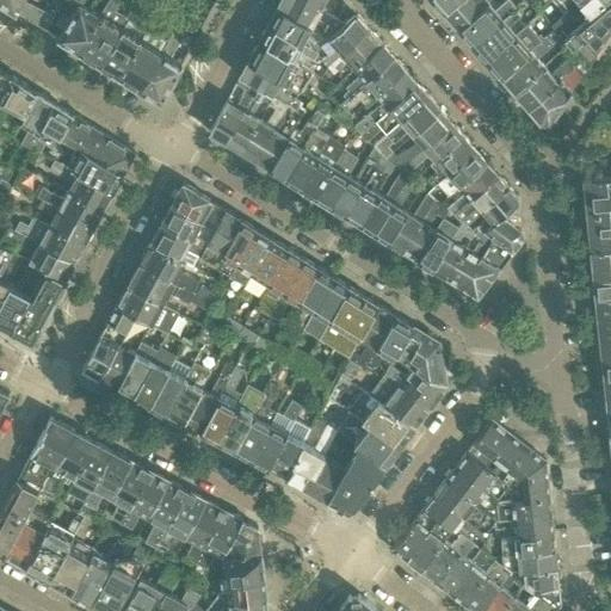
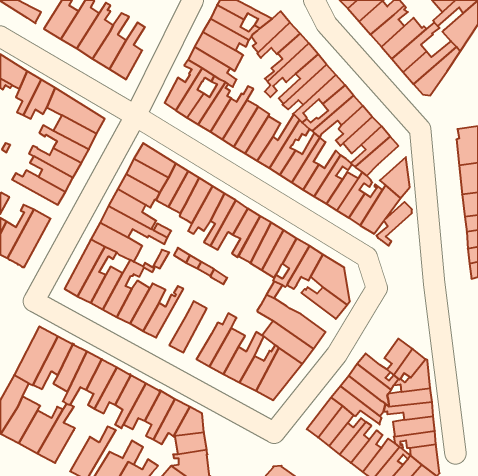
building: [473,189,518,245] -> [376,202,412,246]
building: [5,229,74,282] -> none
building: [199,368,243,443] -> none
building: [370,376,428,426] -> none
building: [234,384,279,461] -> none
building: [467,420,508,468] -> none
building: [70,543,122,604] -> none

